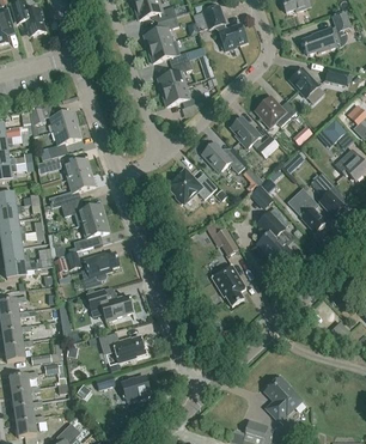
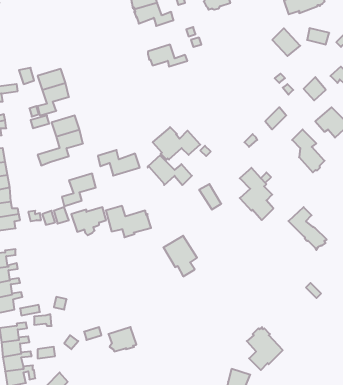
building: [157,59,191,91] -> none
building: [255,96,295,127] -> none
building: [230,116,277,156] -> none
building: [201,141,246,172] -> [148,155,192,185]
building: [286,187,325,231] -> [288,207,327,250]
building: [61,199,104,225] -> [98,150,140,176]
building: [211,263,245,305] -> [163,236,197,276]
building: [86,288,133,321] -> [106,206,151,237]
building: [98,333,145,361] -> none

